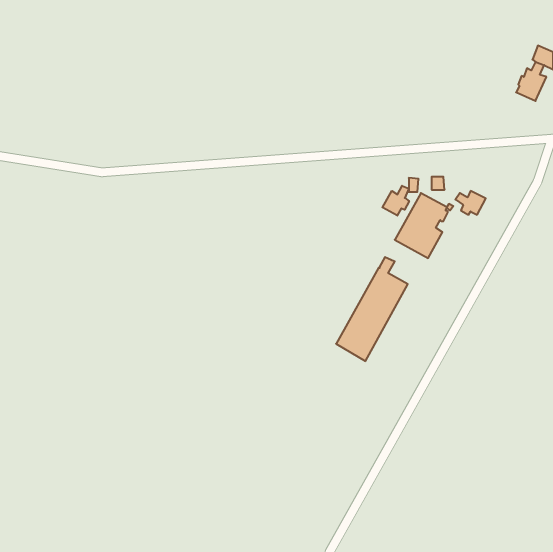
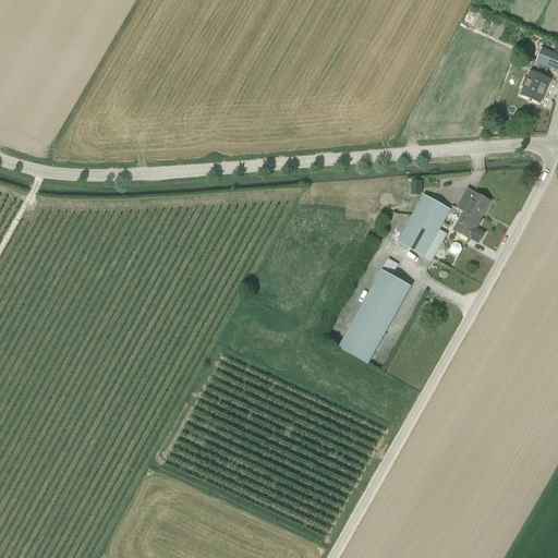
building: [382,186,409,216] -> none
building: none -> [452,211,483,241]

